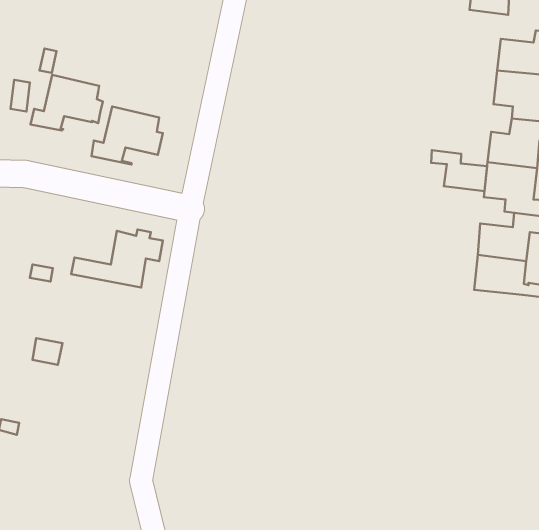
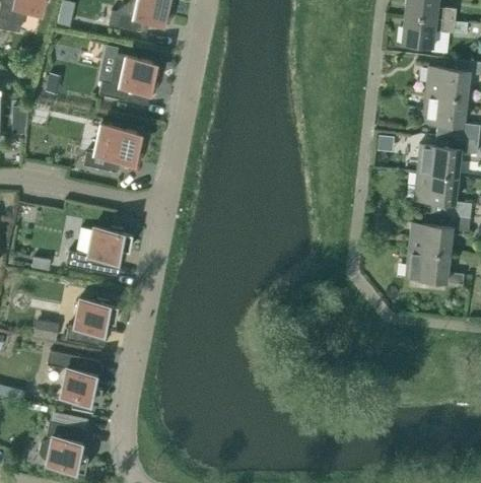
building: [30,75,103,131] -> [99,54,160,100]
building: [431,150,487,191] -> none
building: none -> [66,297,118,347]
building: none -> [47,351,101,408]
building: none -> [38,412,88,476]

